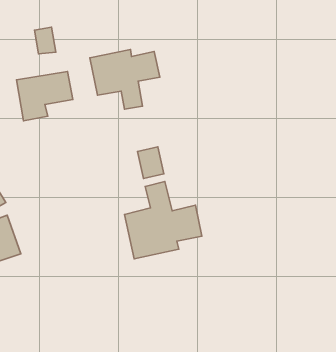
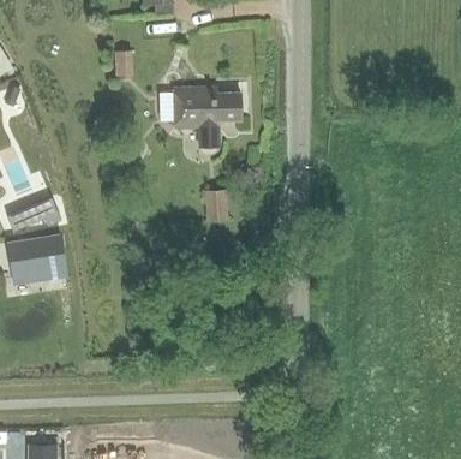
building: [16,71,73,121] -> none
building: [124,182,202,259] -> none

